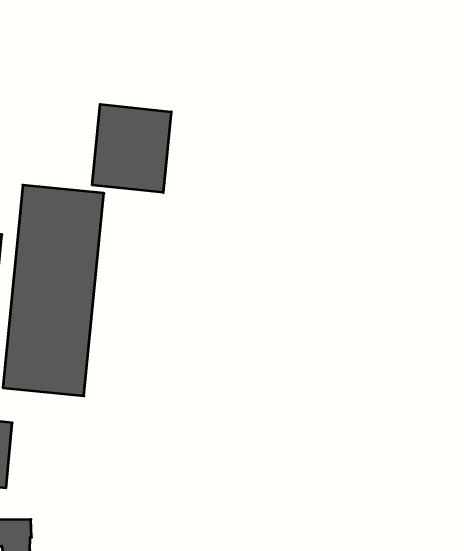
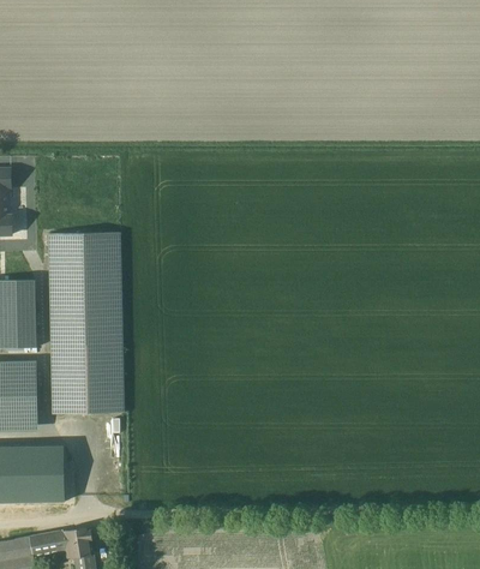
building: [92,104,171,193] -> none

